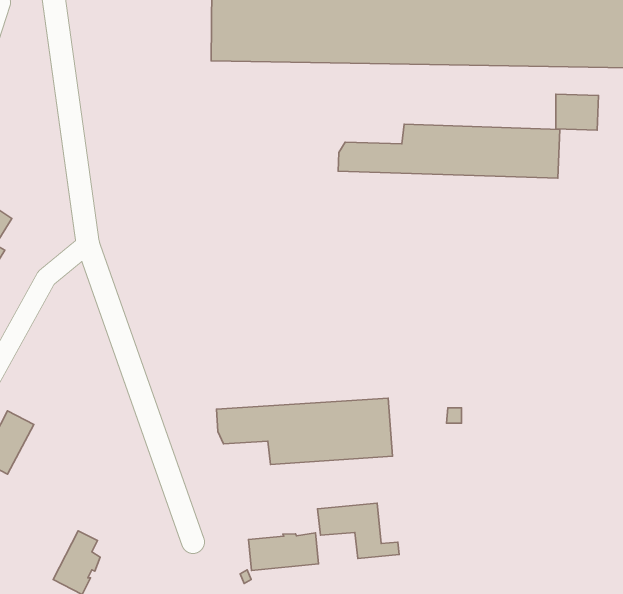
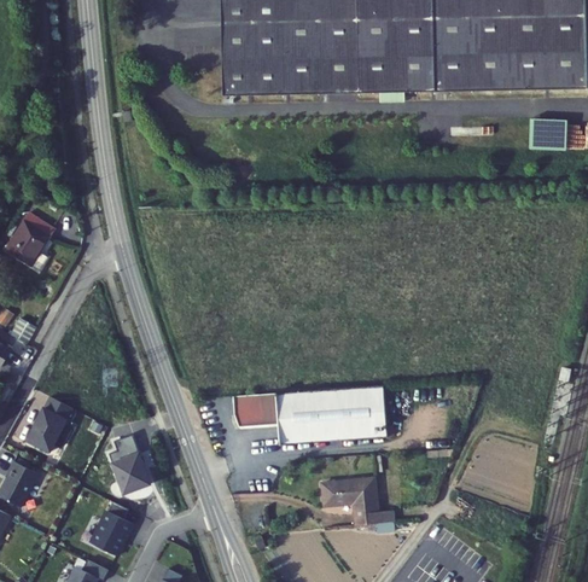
building: [338,124,560,178] -> none
building: none -> [109,433,151,494]
building: [248,533,319,570] -> none

